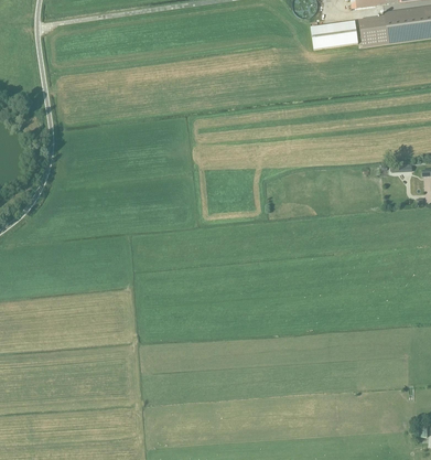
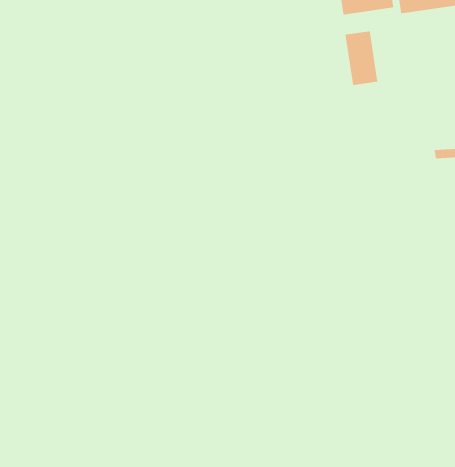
building: none -> [345,30,378,86]

